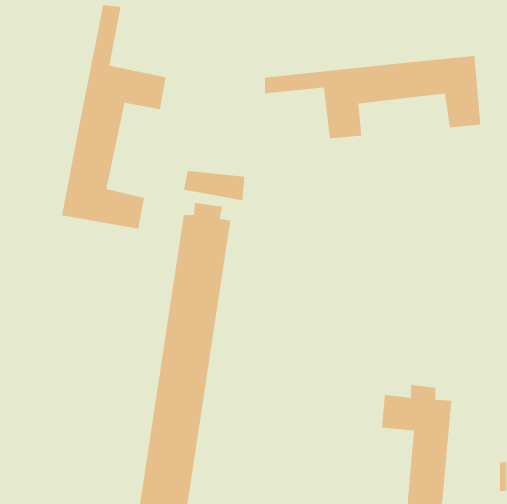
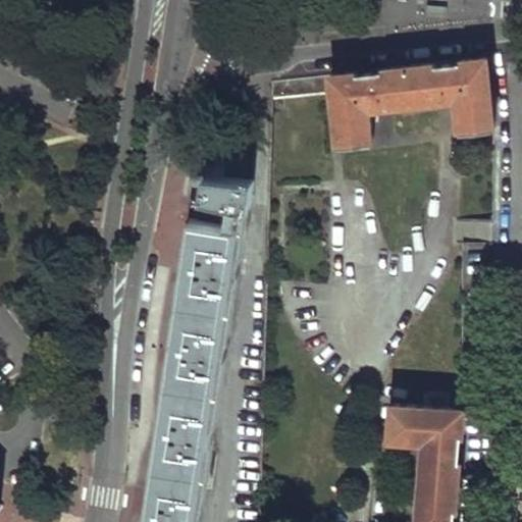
building: [61,4,167,229] -> none

